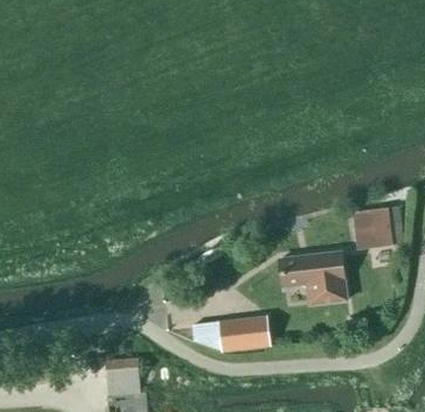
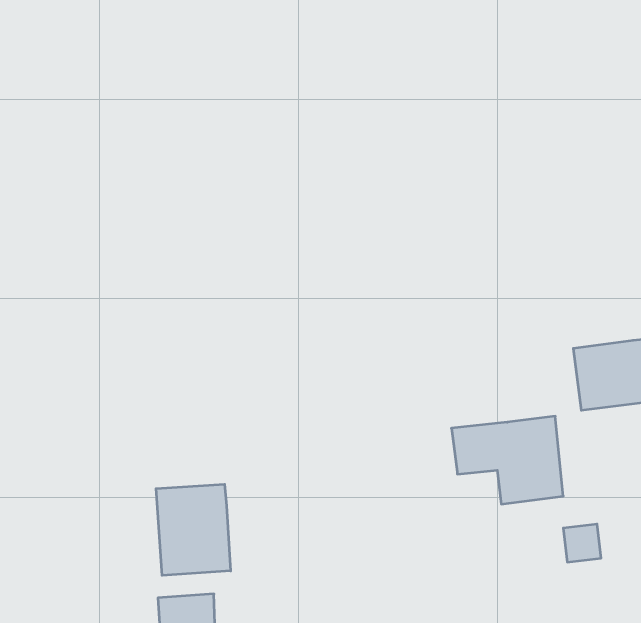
building: none -> [156,484,231,575]
building: [218,318,269,353] -> none

